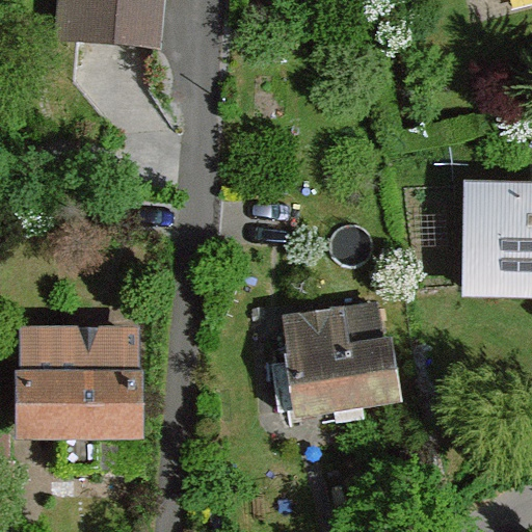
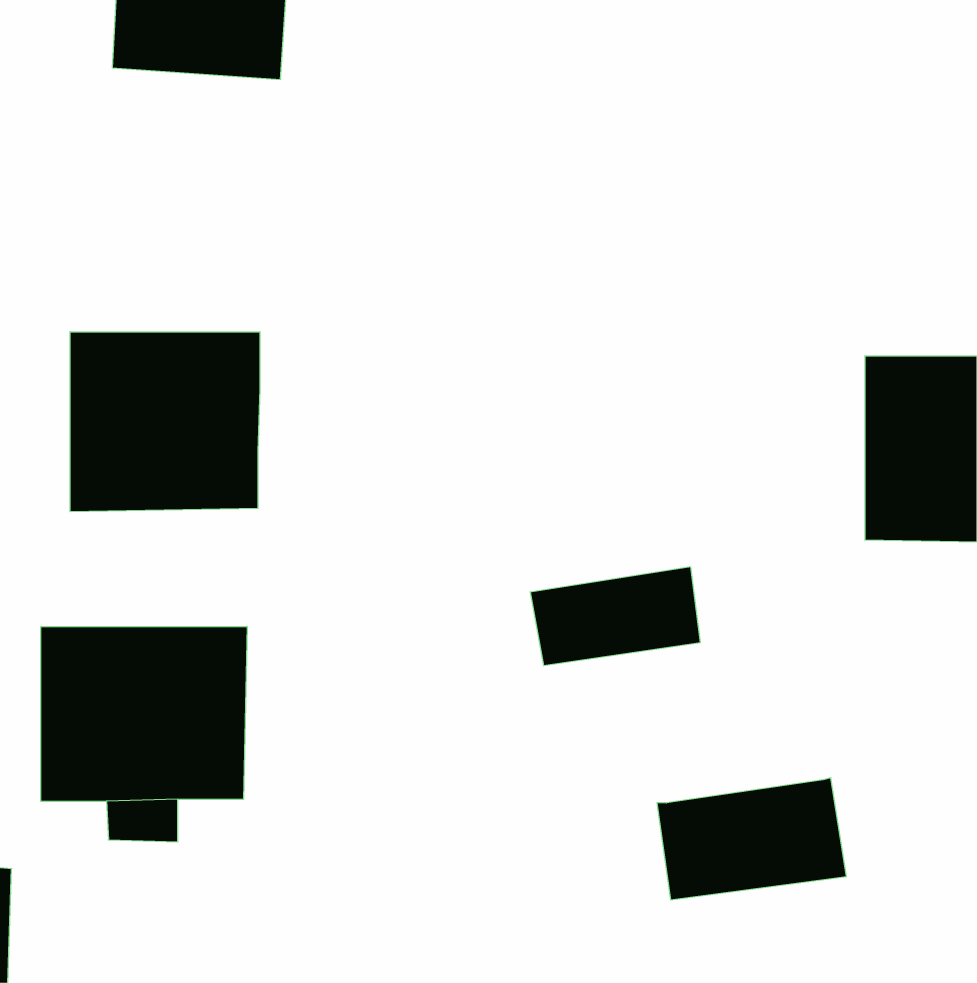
building: none -> [70,332,260,512]
building: [287,344,389,409] -> [657,778,846,900]

